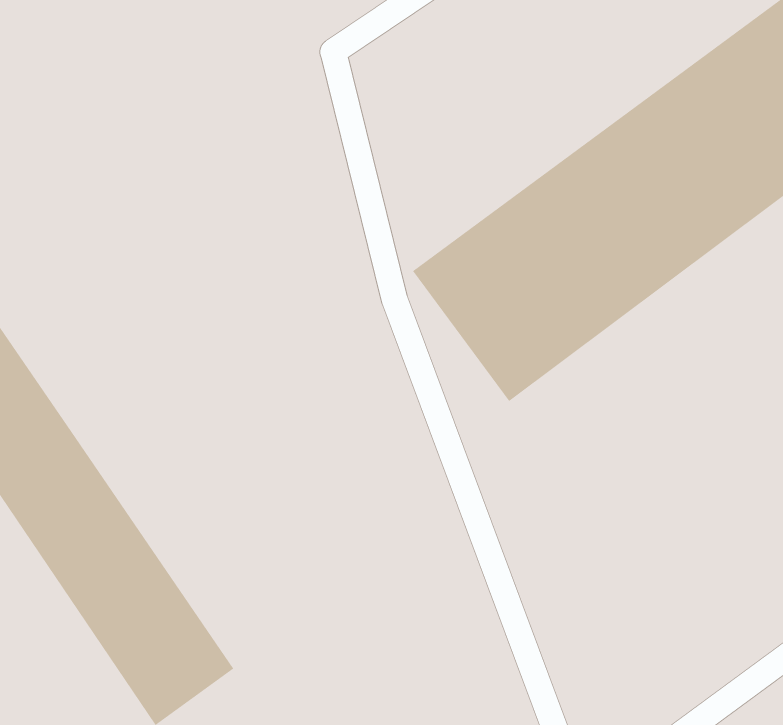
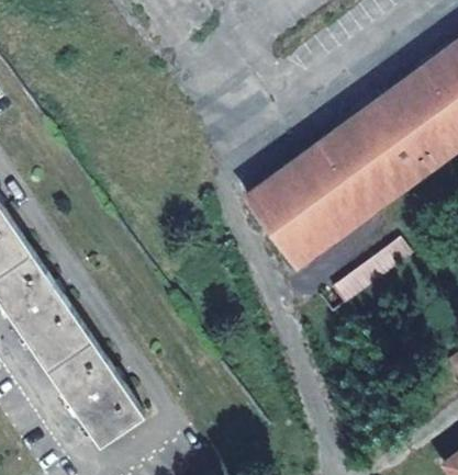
building: none -> [334,239,417,305]

